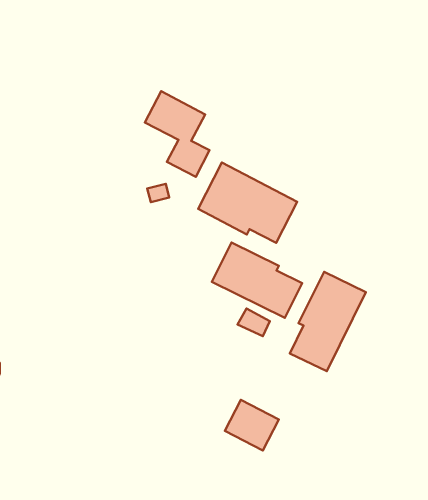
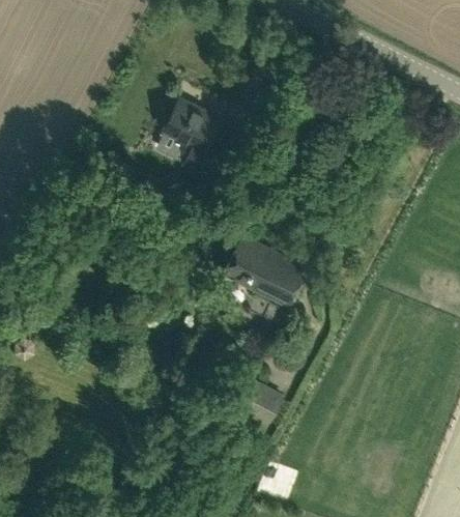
building: [198,163,297,243] -> none
building: [290,272,366,371] -> none

